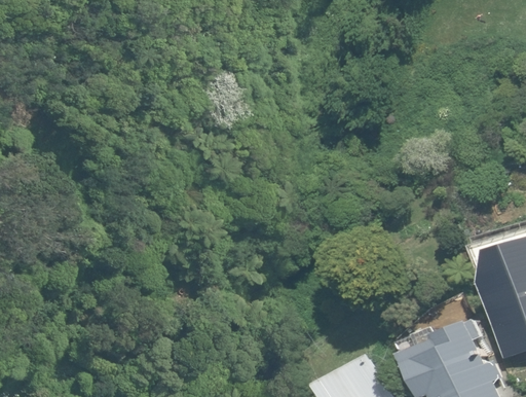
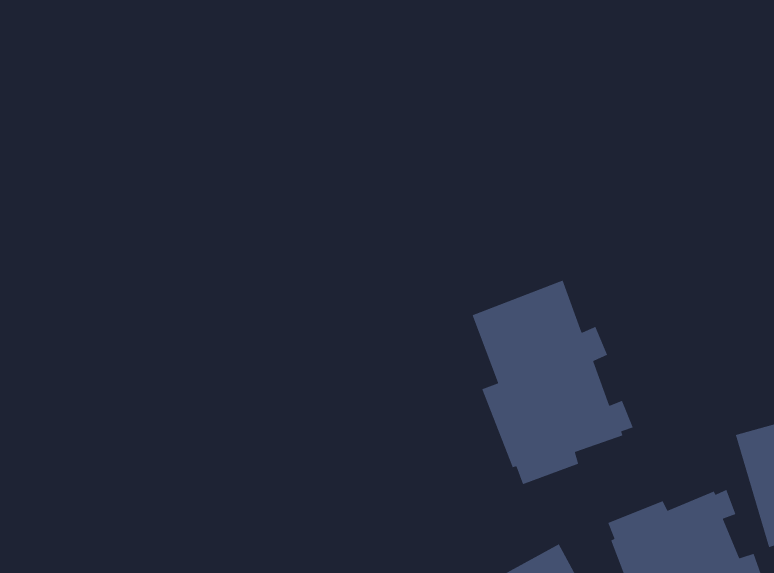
building: none -> [472,280,634,485]

